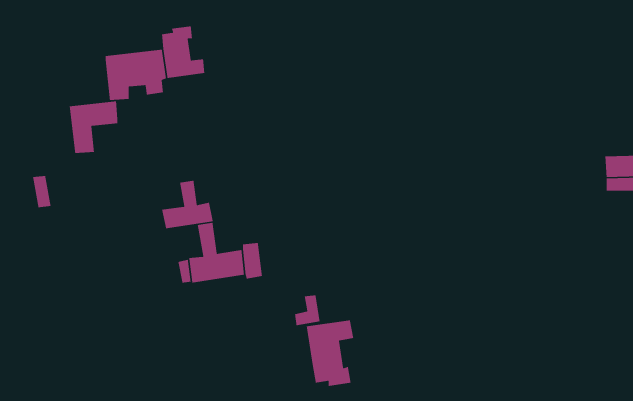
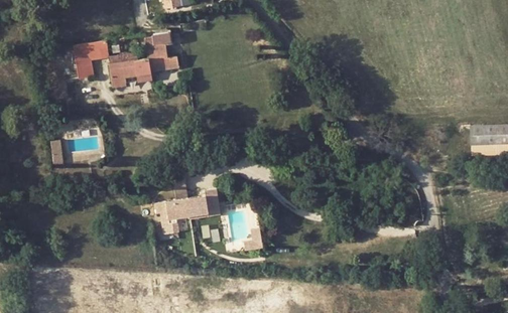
building: [69,100,118,154] -> [69,40,105,80]
building: [161,180,214,229] -> none
building: [306,320,354,387] -> none

